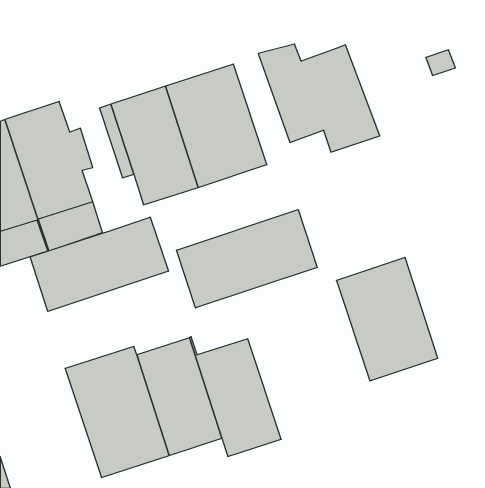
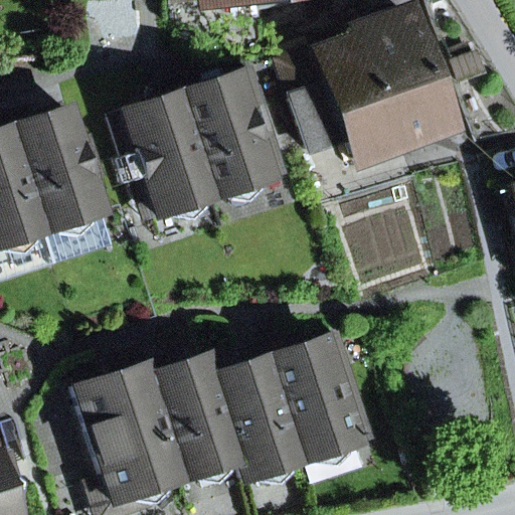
building: none -> [351,8,448,143]
building: [177,210,317,308] -> none
building: [30,217,168,311] -> none
building: [336,258,438,381] -> [265,332,371,462]

